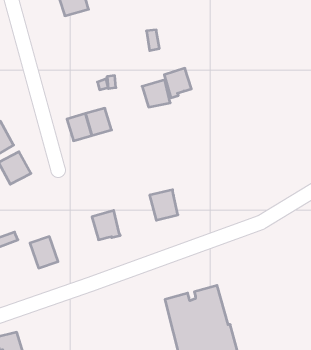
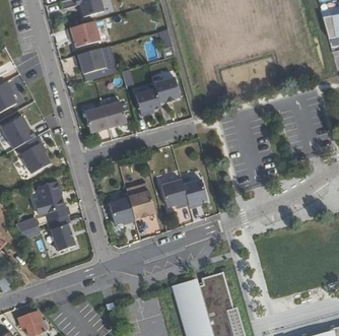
building: none -> [71,19,101,45]
building: none -> [78,47,106,71]
building: [164,68,191,98] -> [136,87,161,115]
building: none -> [185,178,209,205]
building: none -> [35,180,70,221]
building: none -> [129,191,155,218]

